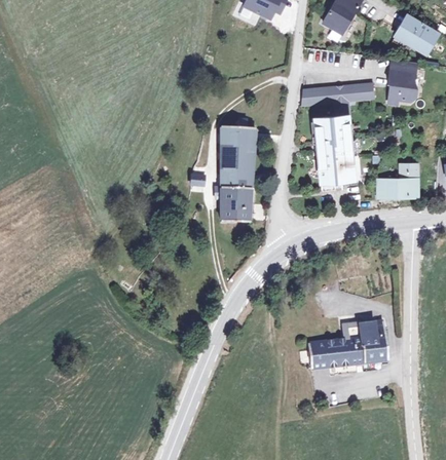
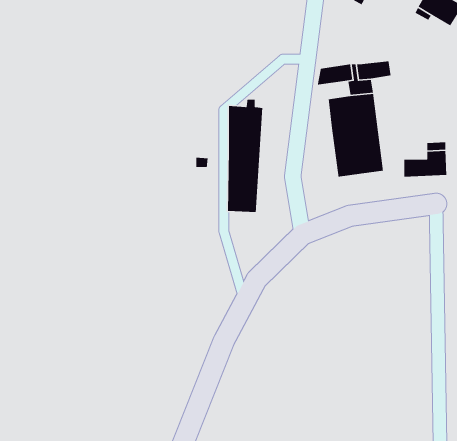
building: [385,62,414,106] -> none
building: [311,321,392,371] -> none

